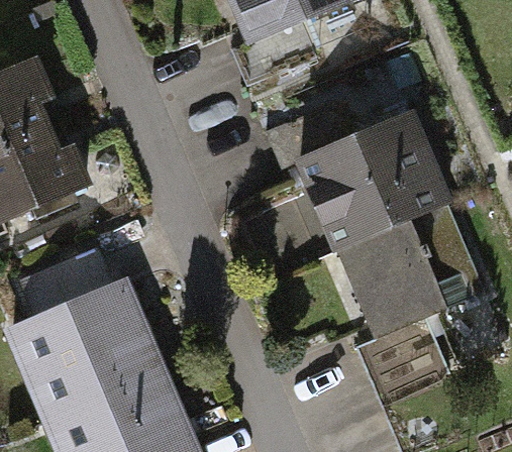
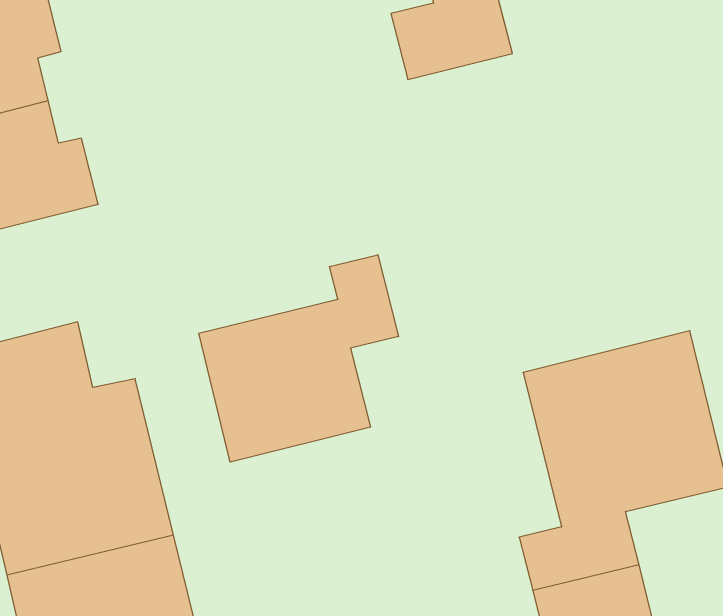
building: [273,102,445,244] -> none
building: none -> [199,255,399,462]

